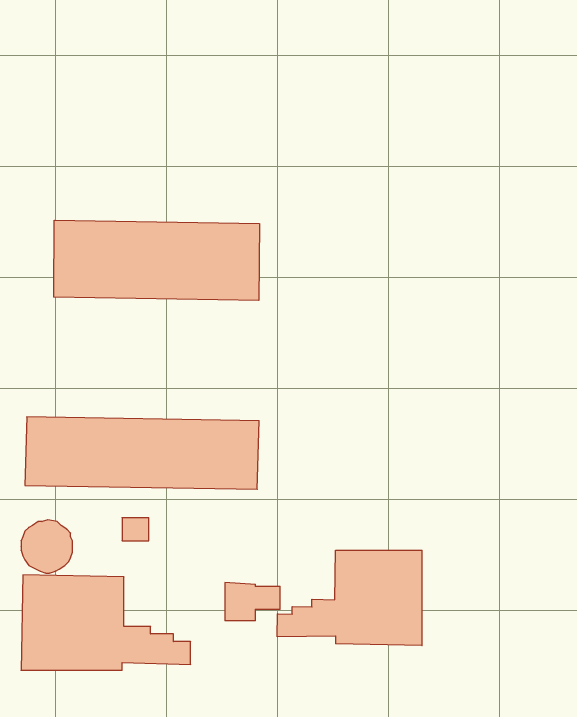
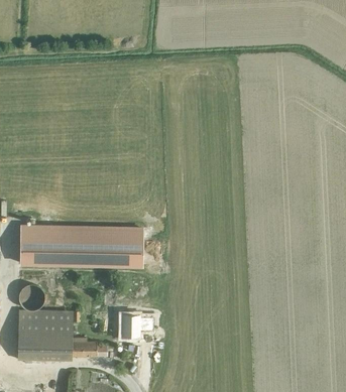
building: [54,220,259,300] -> none
building: [277,550,422,646] -> none

